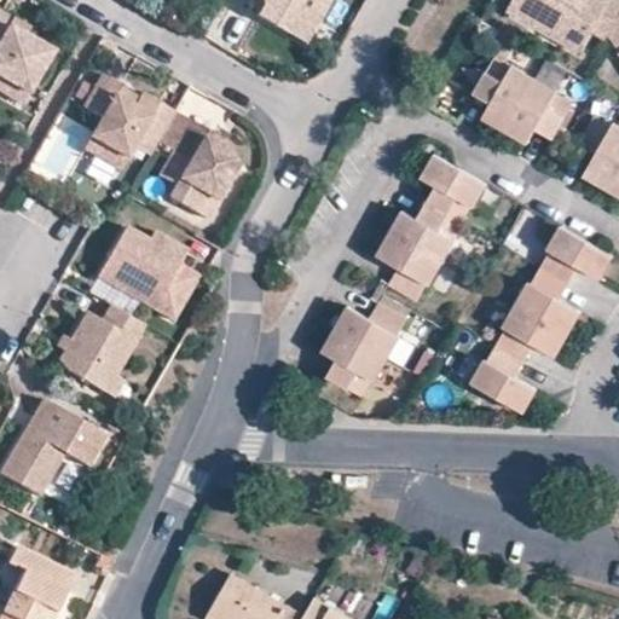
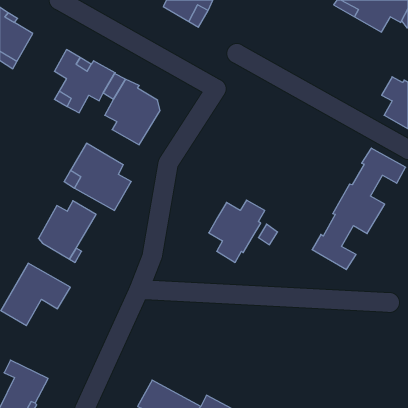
building: [475,59,571,144] -> none
building: [377,152,487,297] -> none

